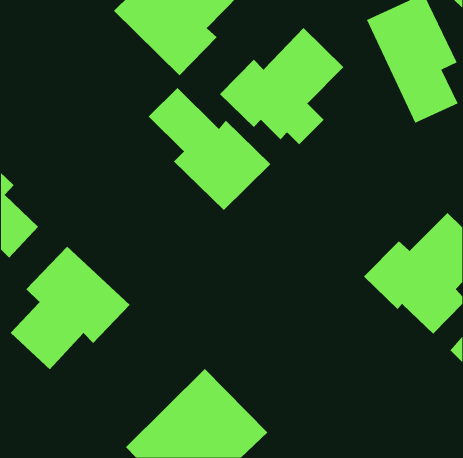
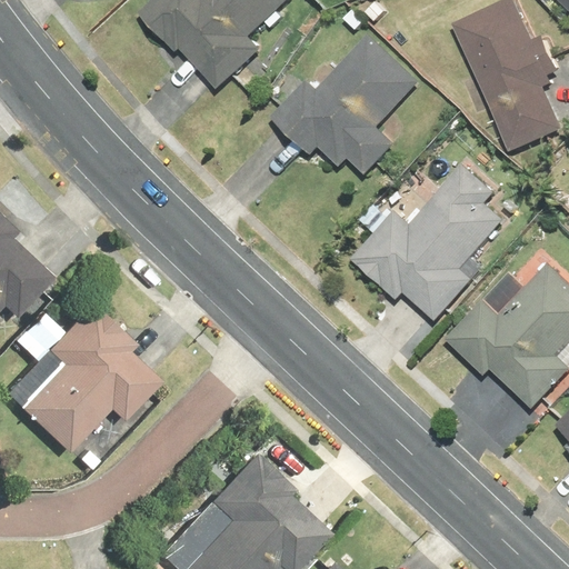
building: [148,87,271,211] -> none
building: none -> [353,167,518,323]

